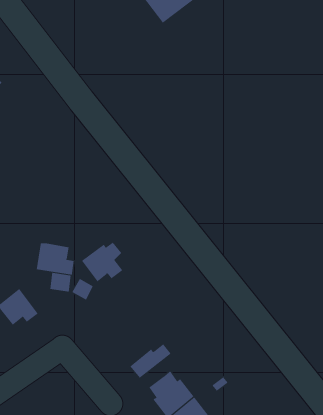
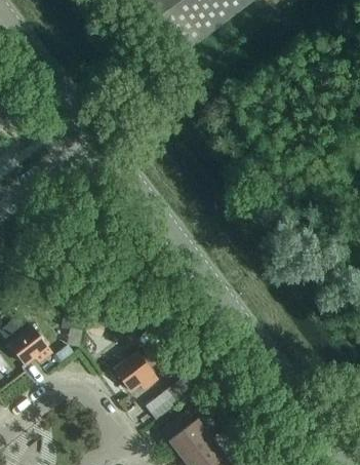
building: [81,242,123,282] -> [115,350,158,391]
building: [36,243,74,275] -> none

